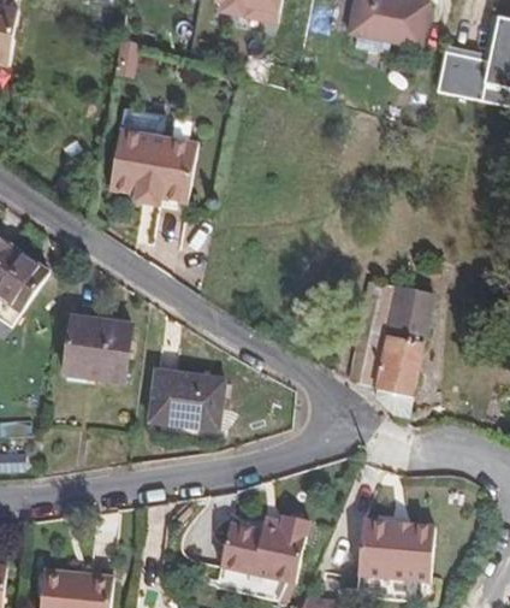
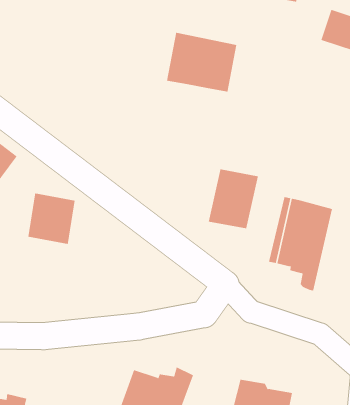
building: [121,120,206,189] -> [166,32,237,92]
building: none -> [208,169,259,229]
building: [153,365,229,420] -> none

